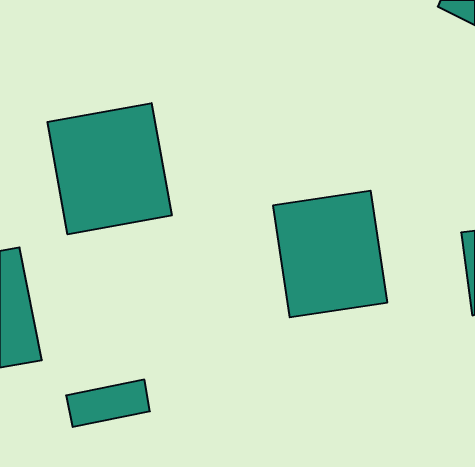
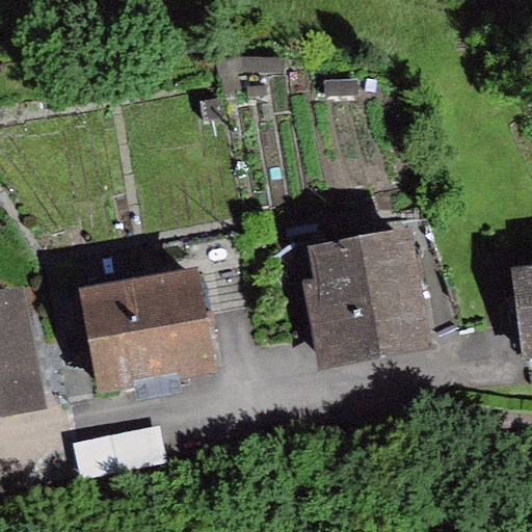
building: [47,103,172,234] -> none
building: none -> [80,266,213,390]

